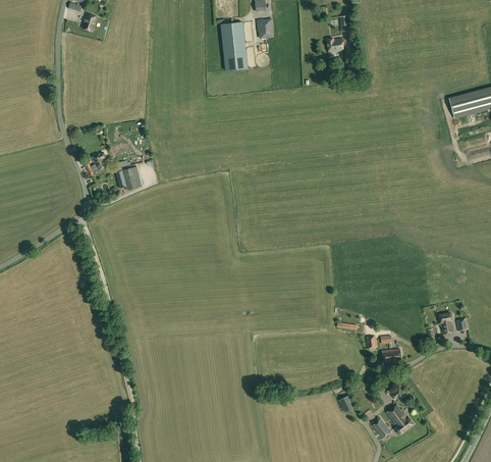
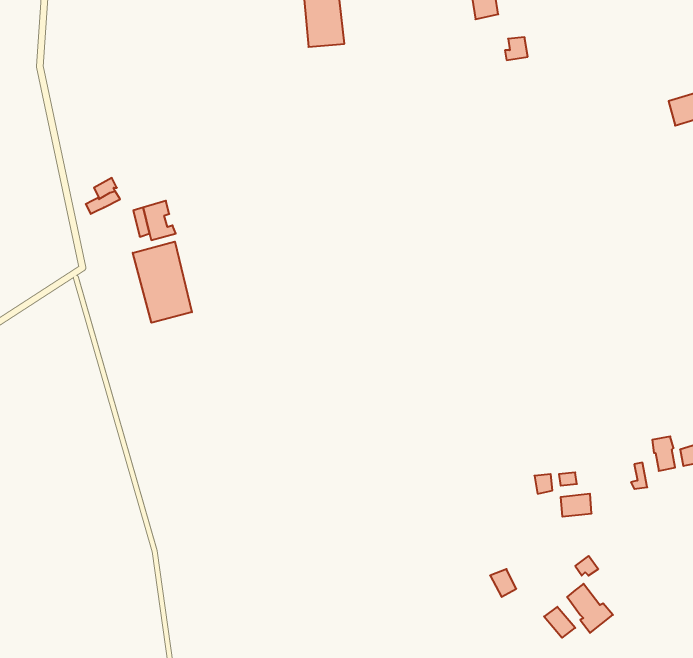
building: none -> [133,242,192,323]

